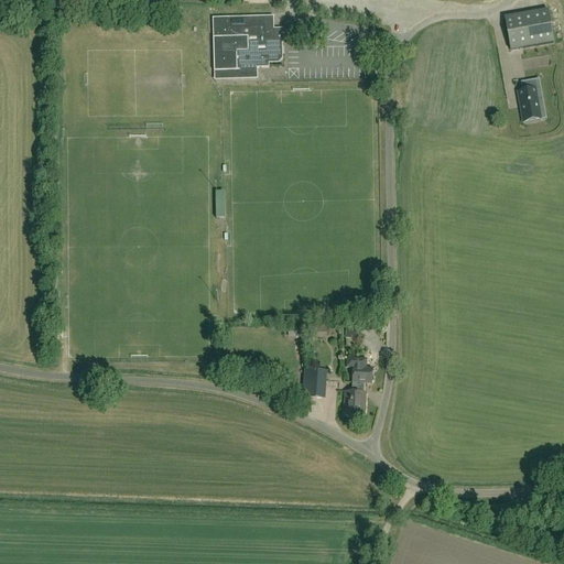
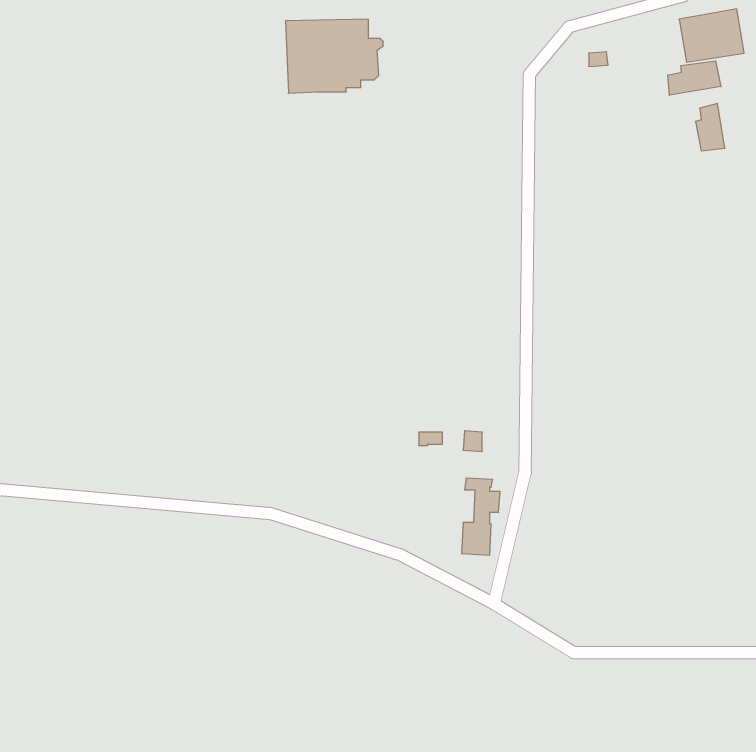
building: none -> [668,61,721,95]
building: [303,368,327,397] -> none

